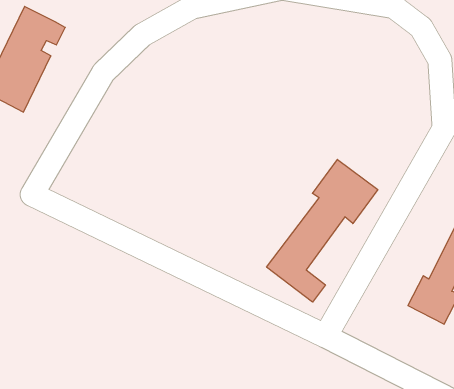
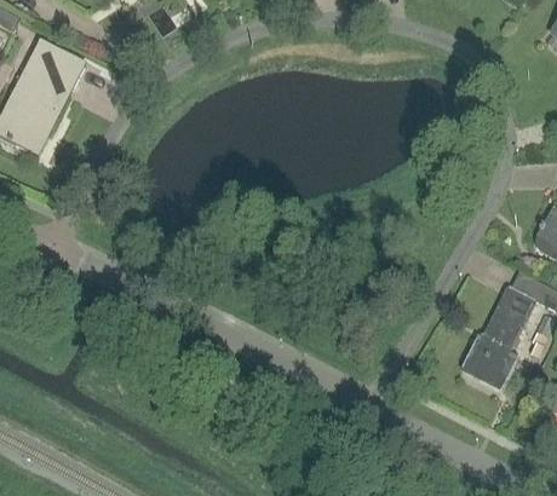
building: [267,159,378,302] -> none

